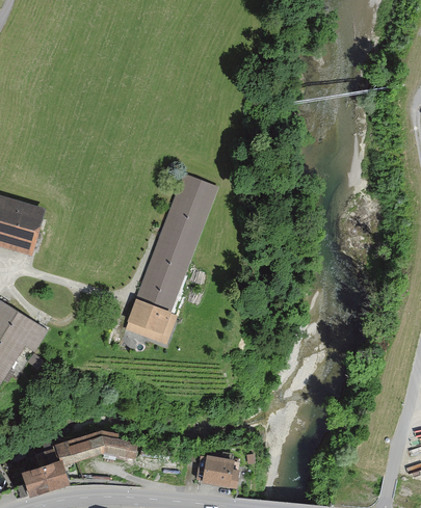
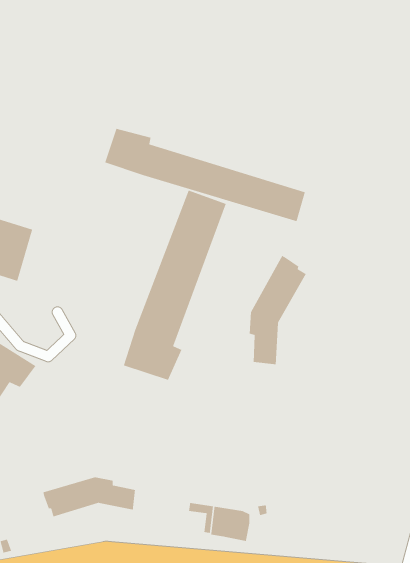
building: none -> [104,128,306,222]
building: none -> [249,255,307,365]
building: [20,458,68,496] -> none

